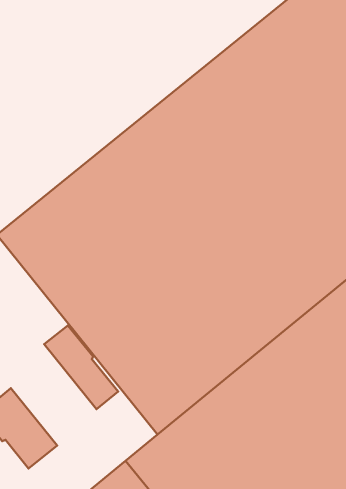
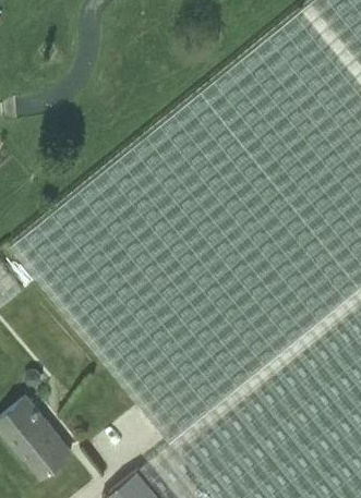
building: [44,326,118,409] -> none

